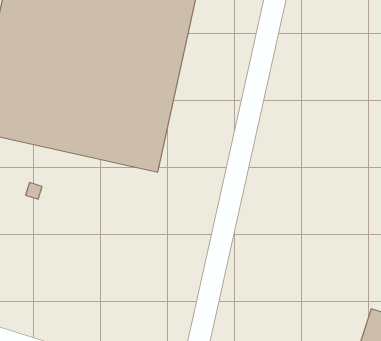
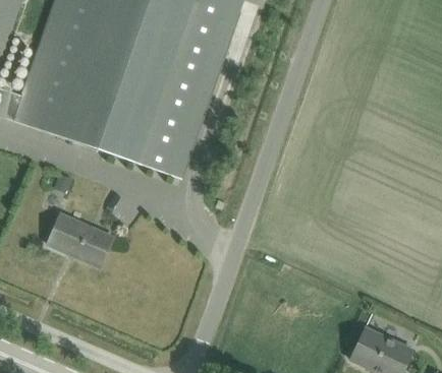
building: none -> [48,214,112,267]

